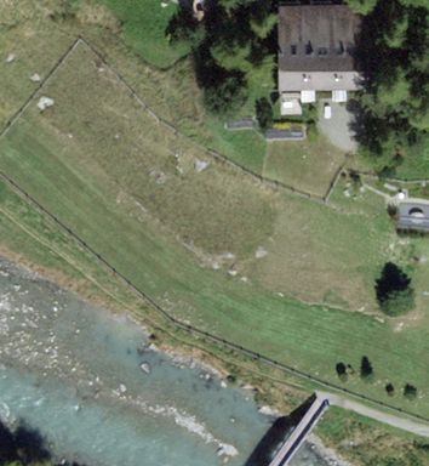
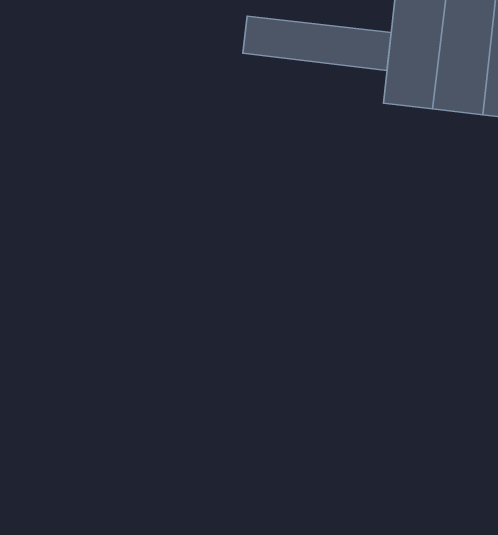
building: none -> [243,16,391,71]

